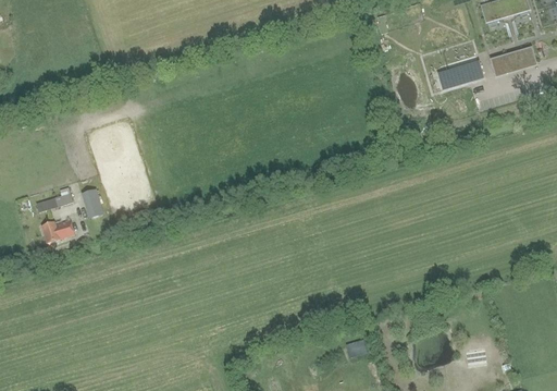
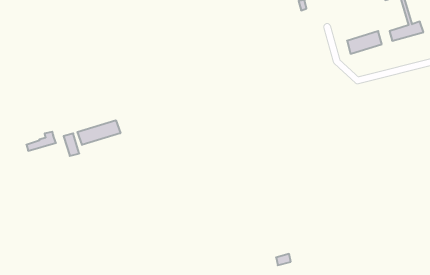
building: none -> [77,120,120,145]
building: [41,220,74,243] -> none

